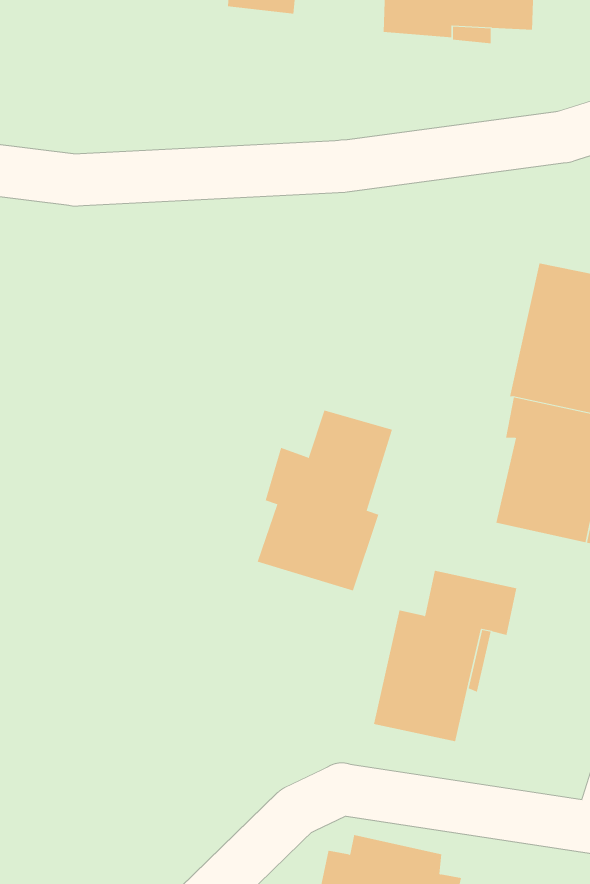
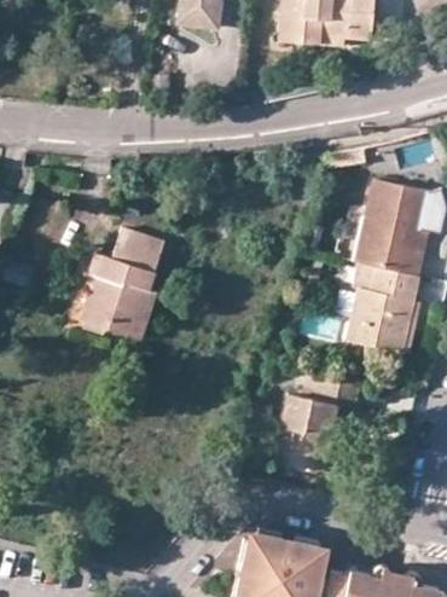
building: [257,410,393,591] -> [81,230,164,341]

